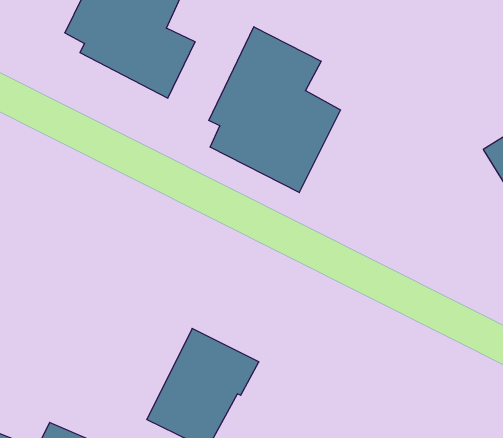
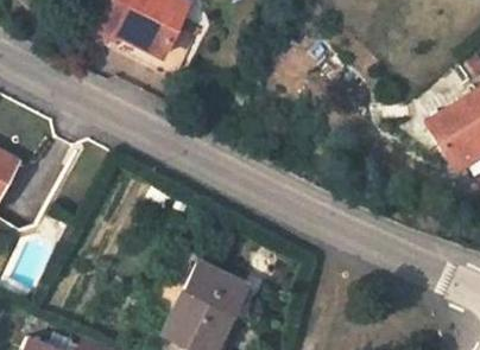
building: [209,27,341,193] -> none

